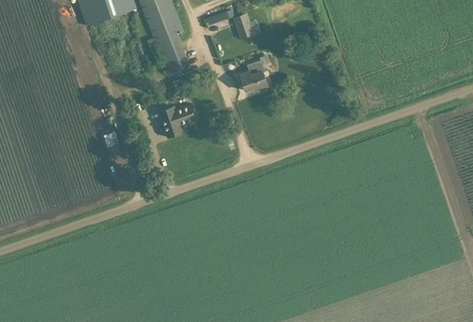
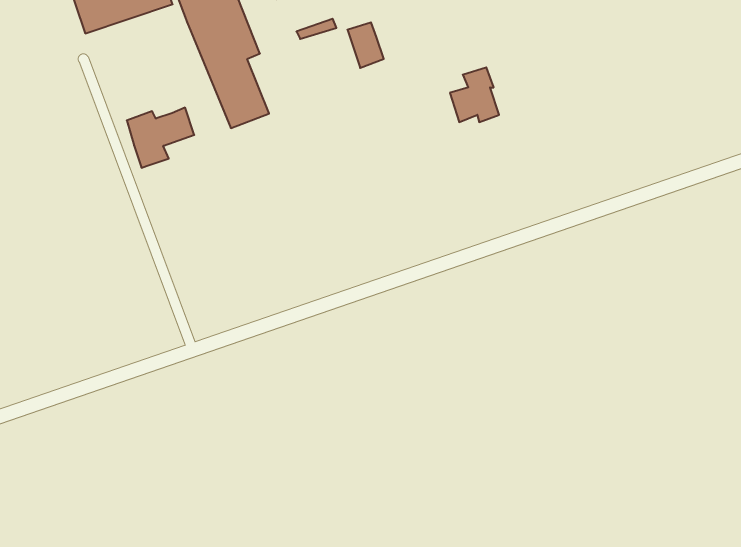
building: [239,61,267,92] -> [450,67,499,122]
building: [159,104,197,138] -> [127,108,194,168]

